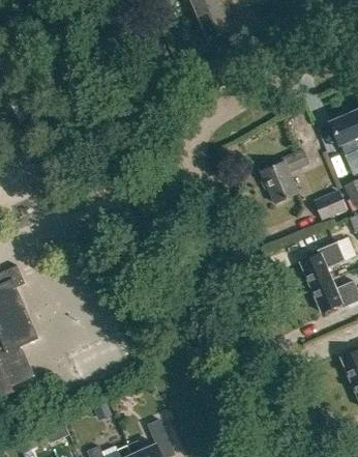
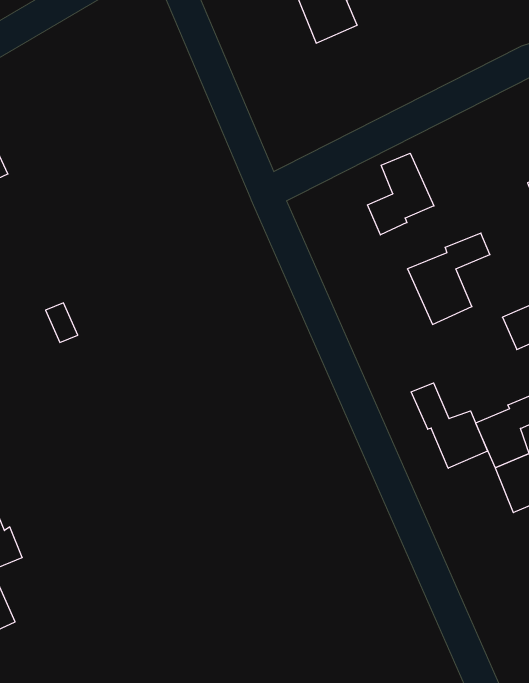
building: none -> [367,153,434,235]
building: none -> [411,383,487,468]

